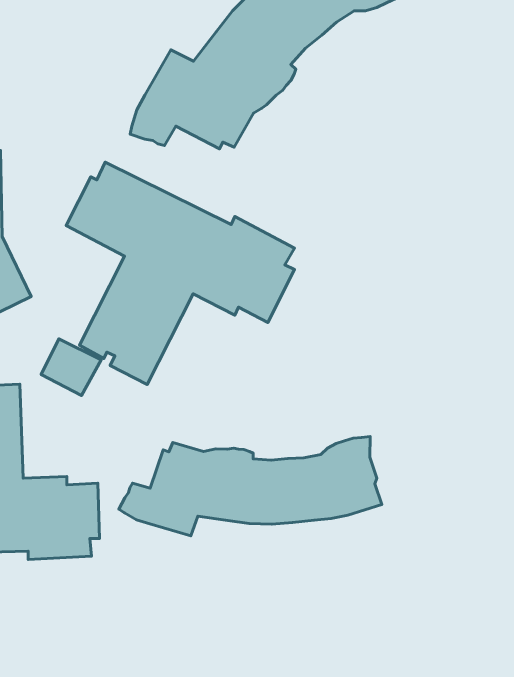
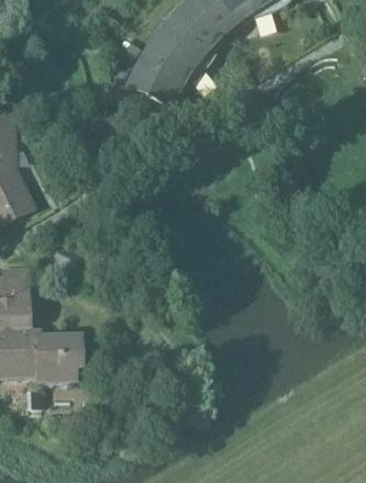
building: [66,162,295,384] -> none
building: [119,437,382,536] -> none

